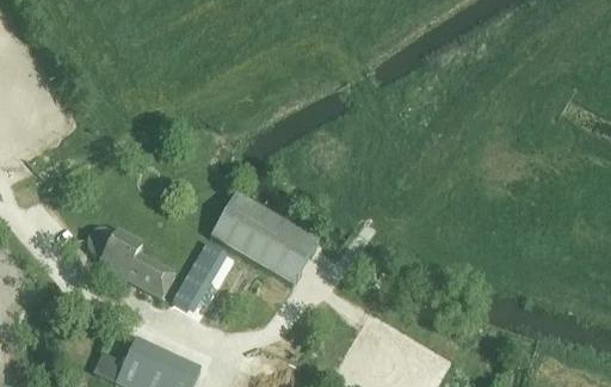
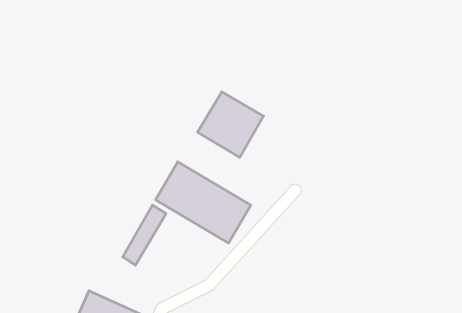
building: none -> [198,92,264,157]
building: [88,227,175,296] -> none

